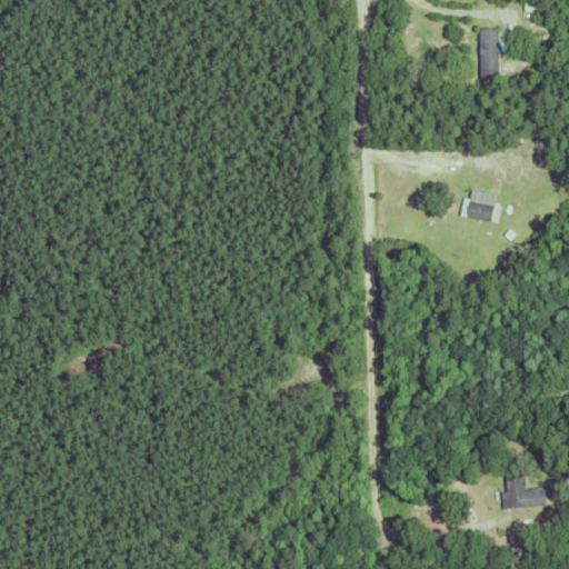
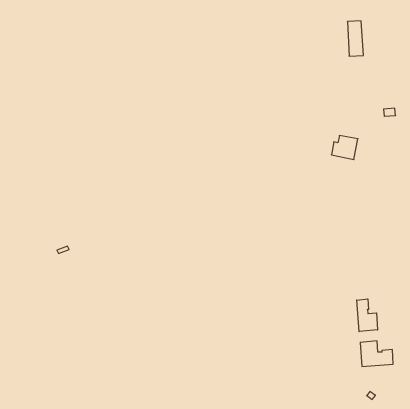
building: none -> [357,299,378,332]

